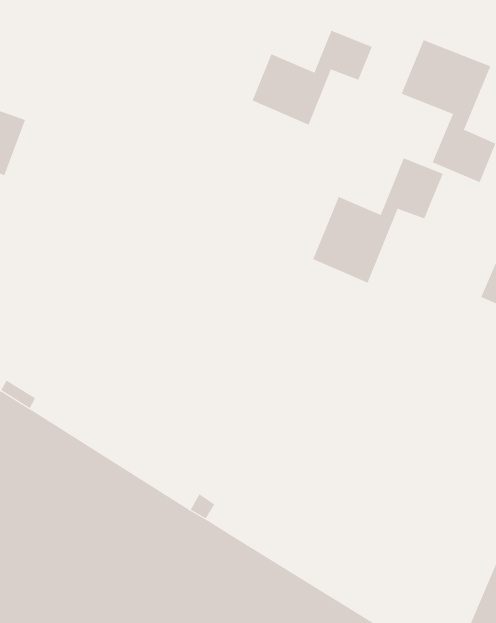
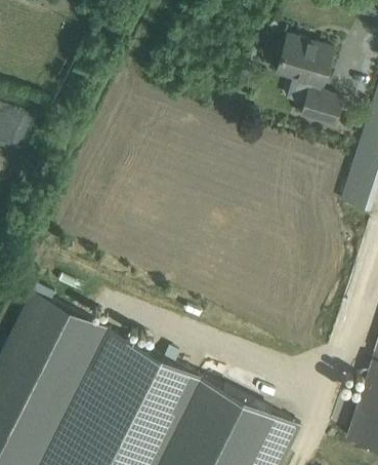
building: [252,30,373,125] -> none
building: [313,157,443,284] -> none

